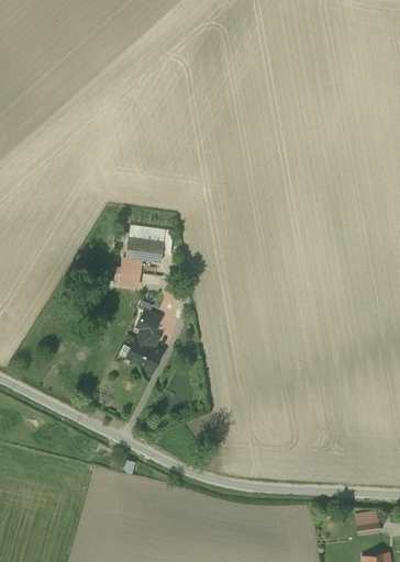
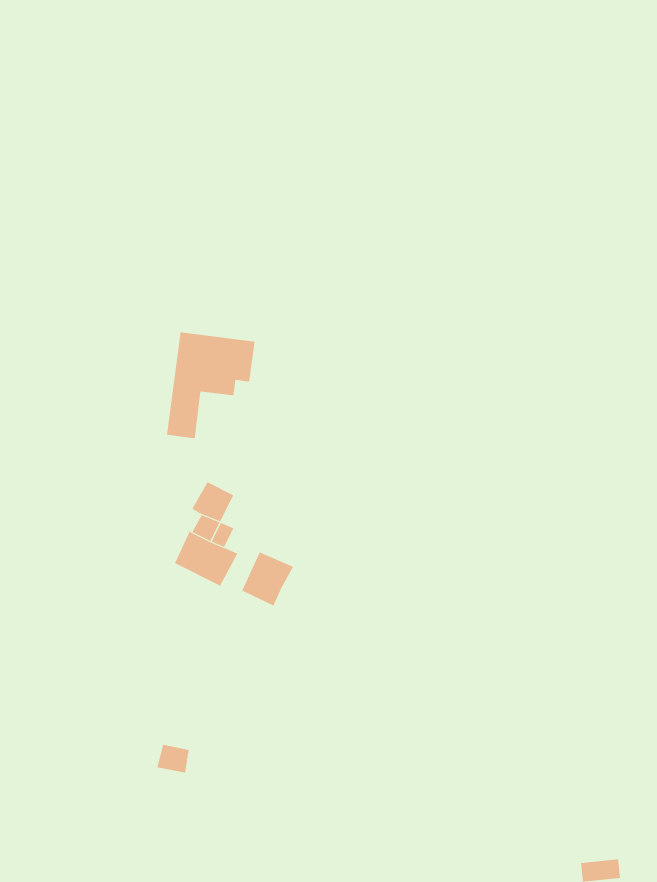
building: none -> [242,552,294,607]

